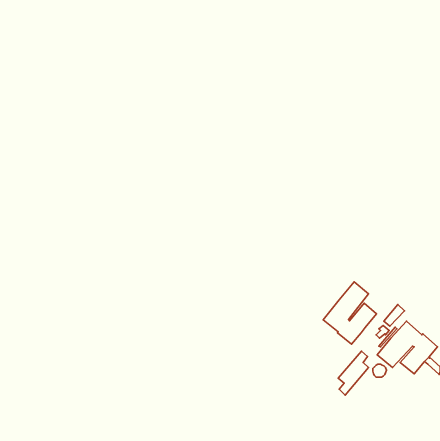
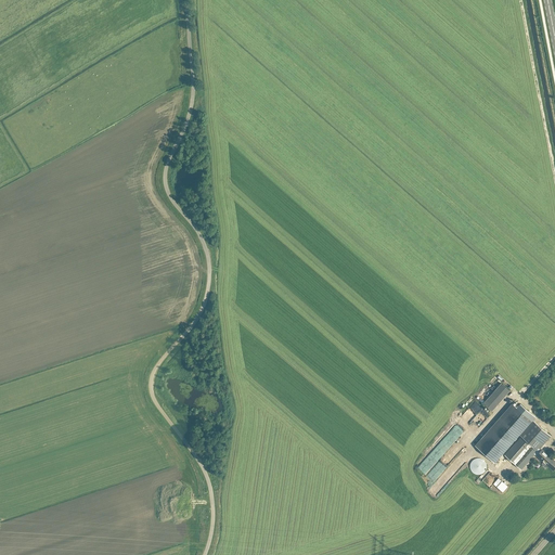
building: [323,282,376,344] -> none

